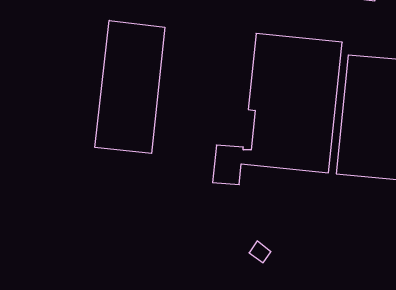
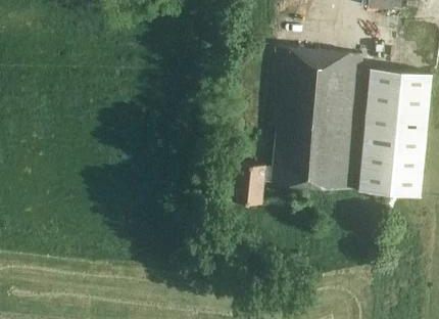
building: [95,20,165,153] -> none

